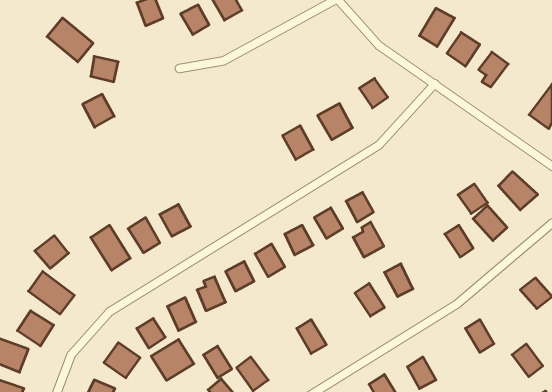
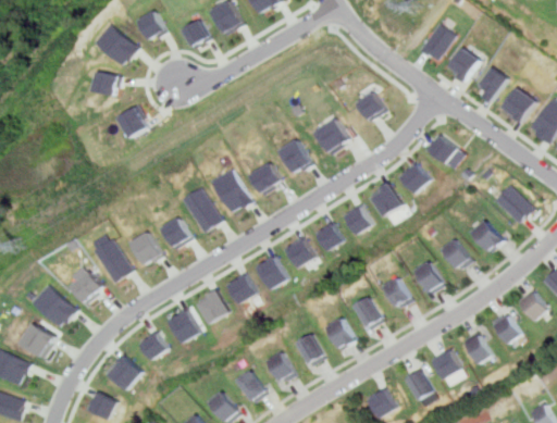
building: [47,18,93,62] -> [91,23,137,66]
building: none -> [500,87,534,122]
building: [83,94,114,127] -> [117,105,149,138]
building: none -> [426,134,463,169]
building: none -> [250,163,283,195]
building: none -> [211,169,250,213]
building: none -> [183,187,220,232]
building: [458,184,488,214] -> [400,163,430,192]
building: [353,222,384,257] -> [372,182,403,216]
building: [35,236,69,268] -> [69,271,102,303]
building: none -> [414,260,445,294]
building: none -> [325,316,355,349]
building: none -> [433,348,462,378]
building: [151,339,194,380] -> none
building: [512,344,543,377] -> [492,312,522,345]
building: [203,346,232,378] -> [267,351,295,383]

